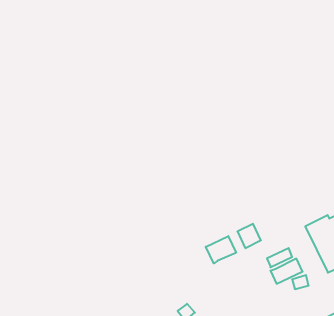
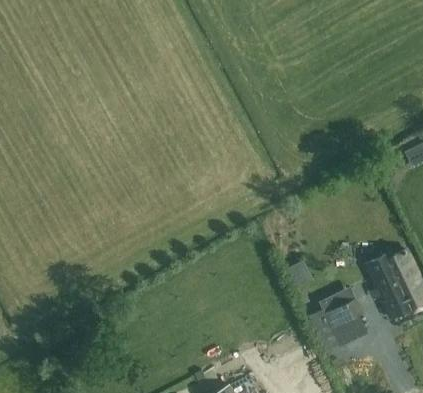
building: [206,236,236,263] -> none

